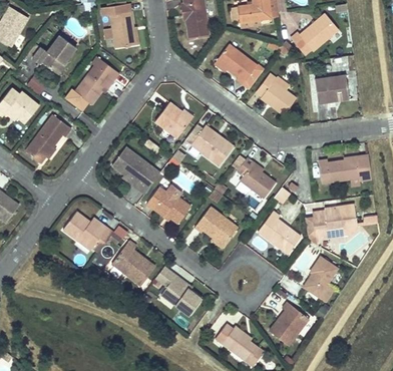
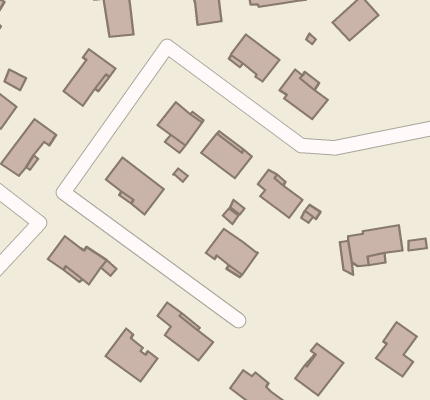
building: [32,35,76,73] -> none
building: [315,75,348,103] -> none
building: [319,156,371,182] -> none
building: [146,188,190,224] -> none
building: [257,212,300,254] -> none
building: [111,242,154,286] -> [106,328,157,382]
building: [304,256,338,301] -> [376,322,417,376]

